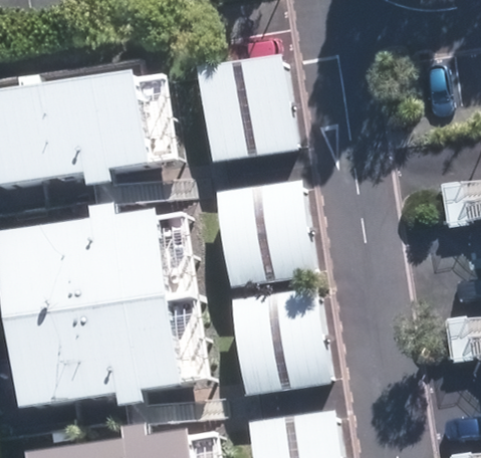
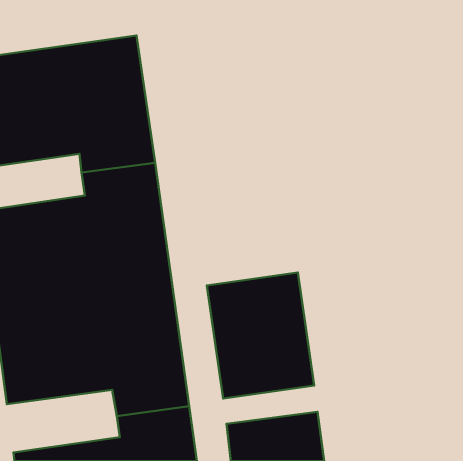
building: [198,60,294,164] -> none
building: [215,184,312,293] -> none

